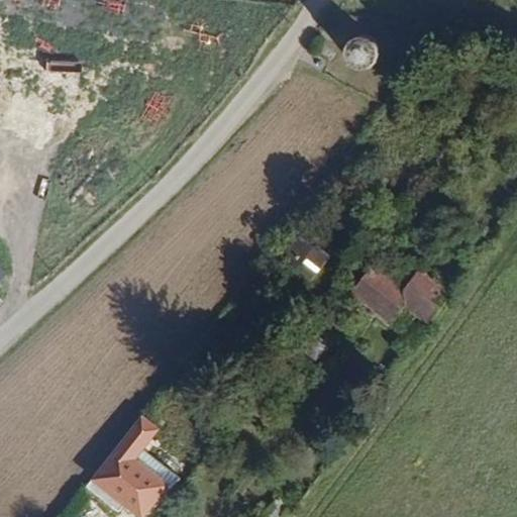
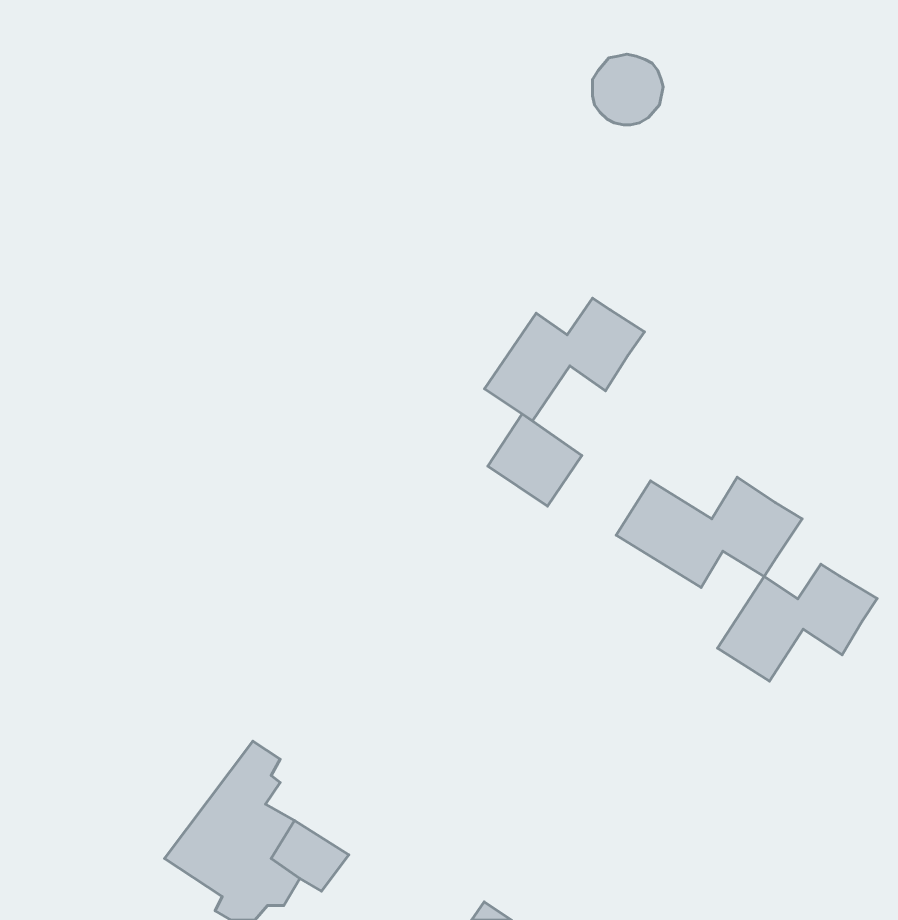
building: none -> [485,298,645,421]
building: none -> [718,564,877,681]

